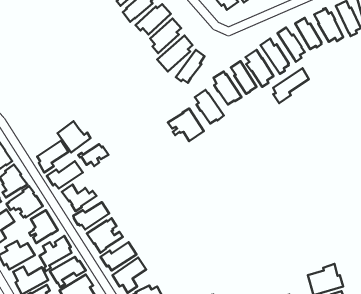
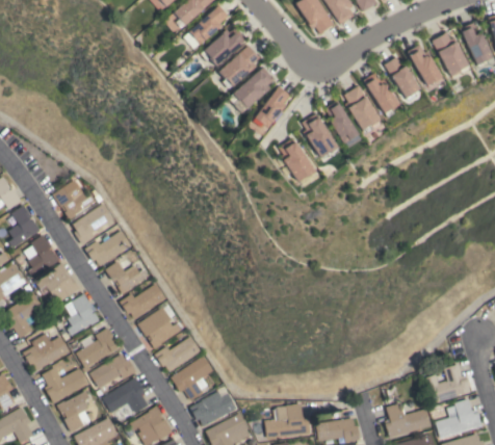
building: [273,68,309,103] -> none
building: [168,108,204,141] -> none
building: [58,121,90,152] -> [53,180,96,220]
building: [78,144,108,166] -> none

